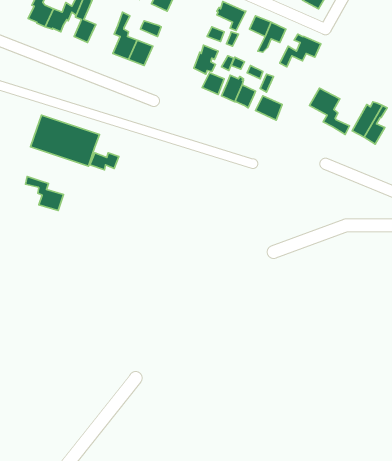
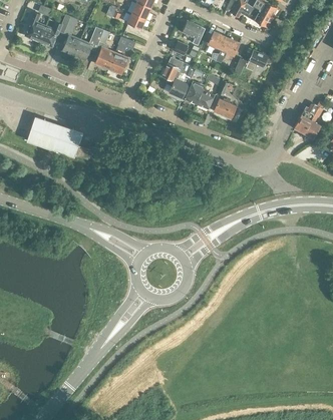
building: none -> [73,27,102,60]
building: [309,88,349,135] -> none
building: [25,176,63,210] -> none

